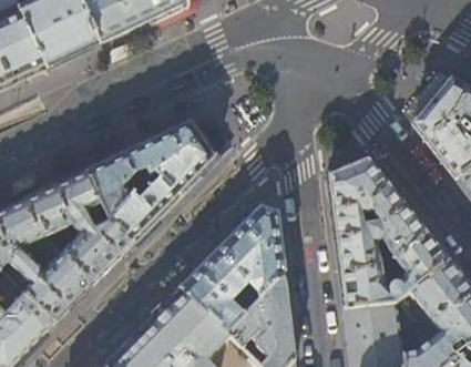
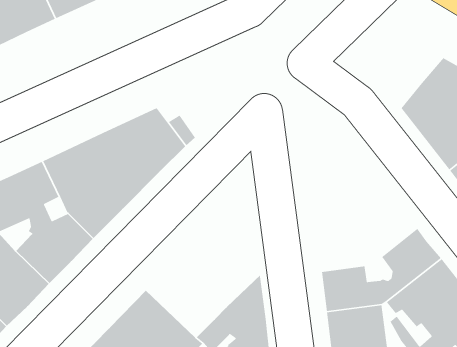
building: [326,156,426,272] -> none
building: [178,206,283,332] -> none

